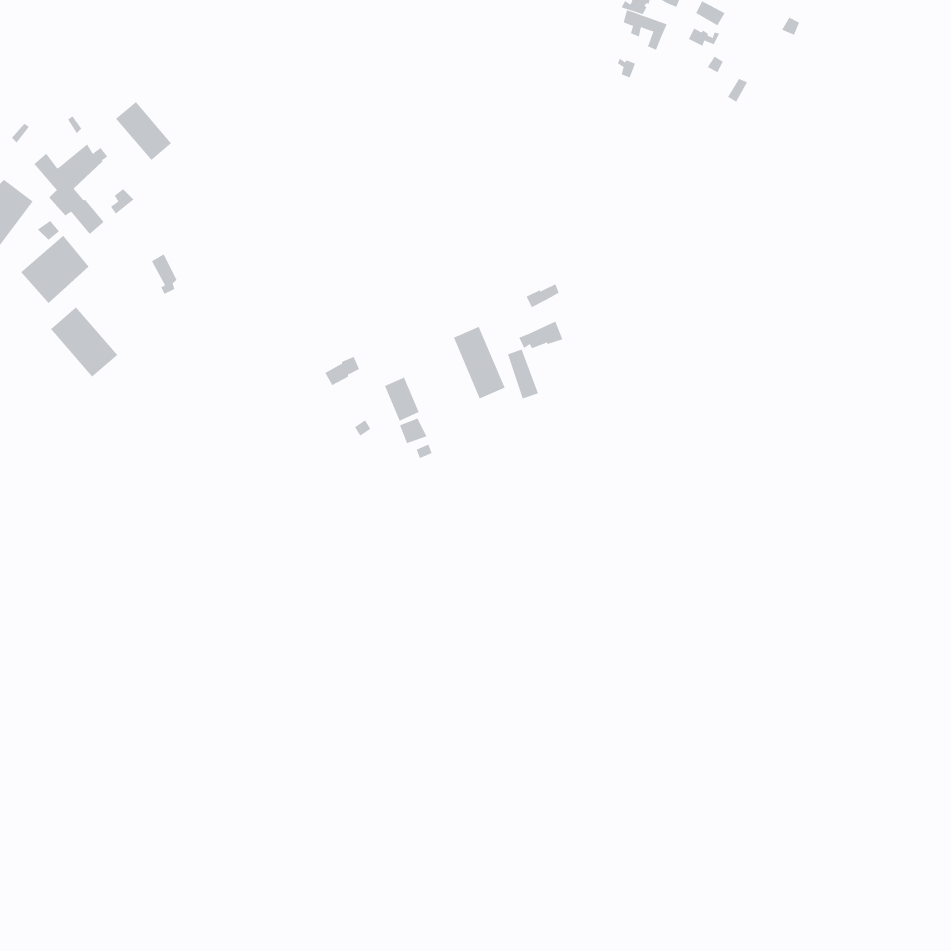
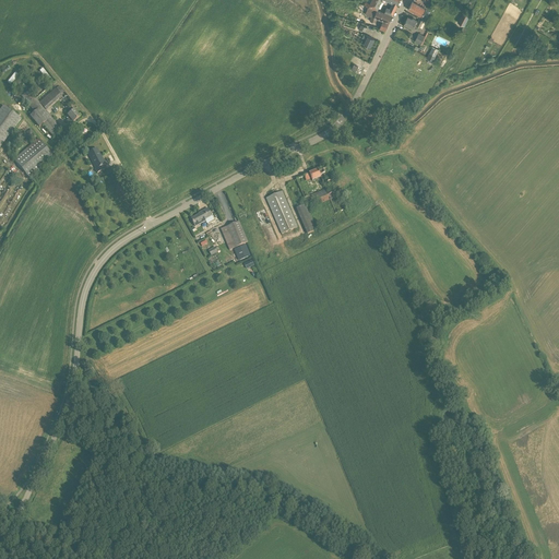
building: [115,101,172,161] -> none
building: [50,306,118,377] -> none

